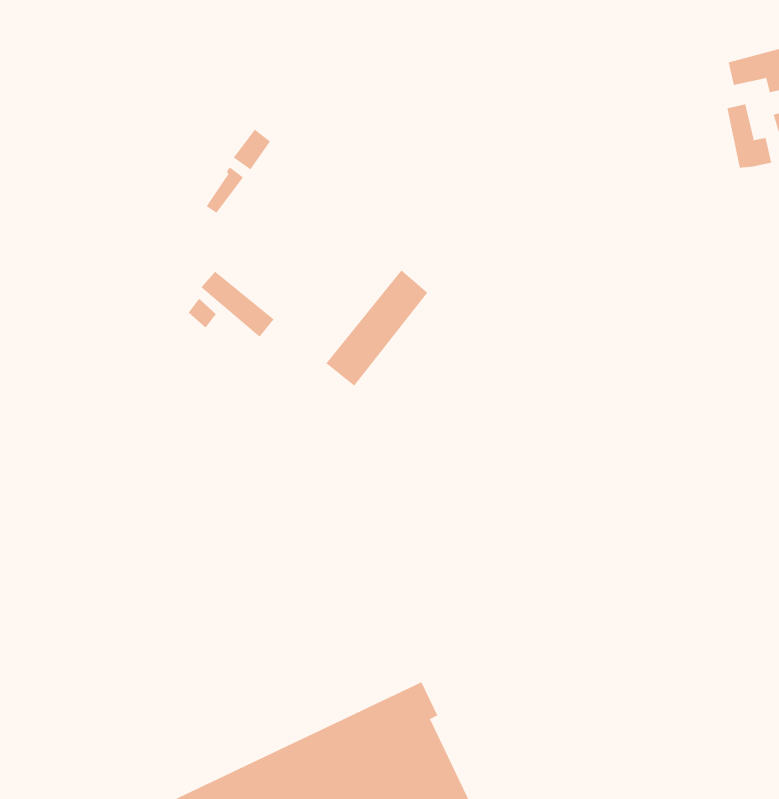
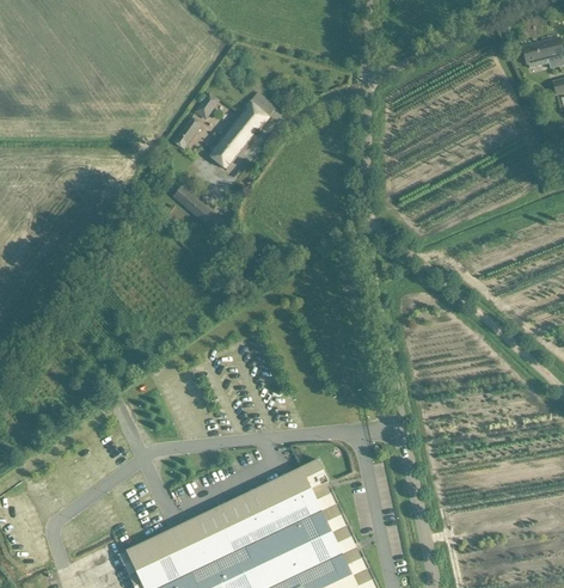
building: [727,104,772,169] -> none
building: [326,269,428,386] -> [207,92,275,170]

